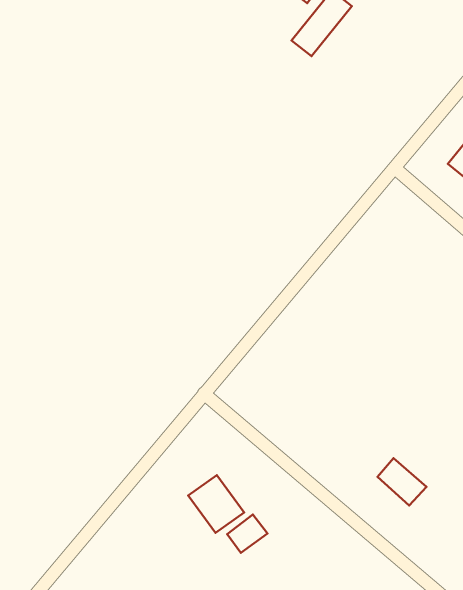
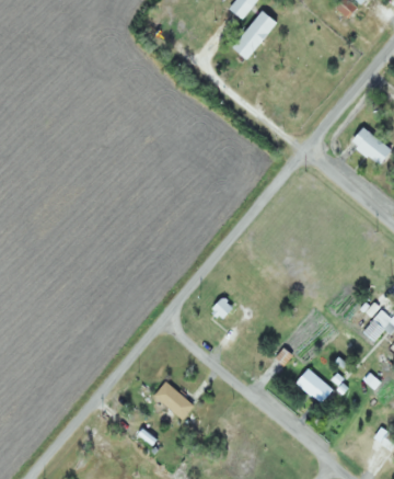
building: [227,514,267,553] -> none

